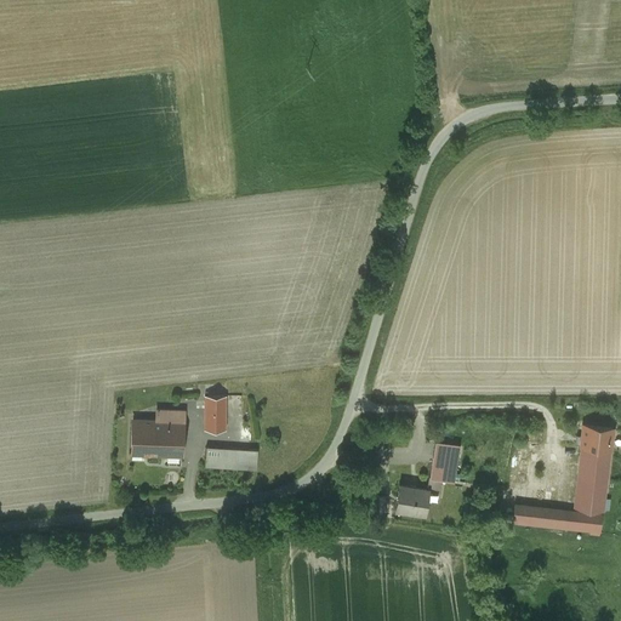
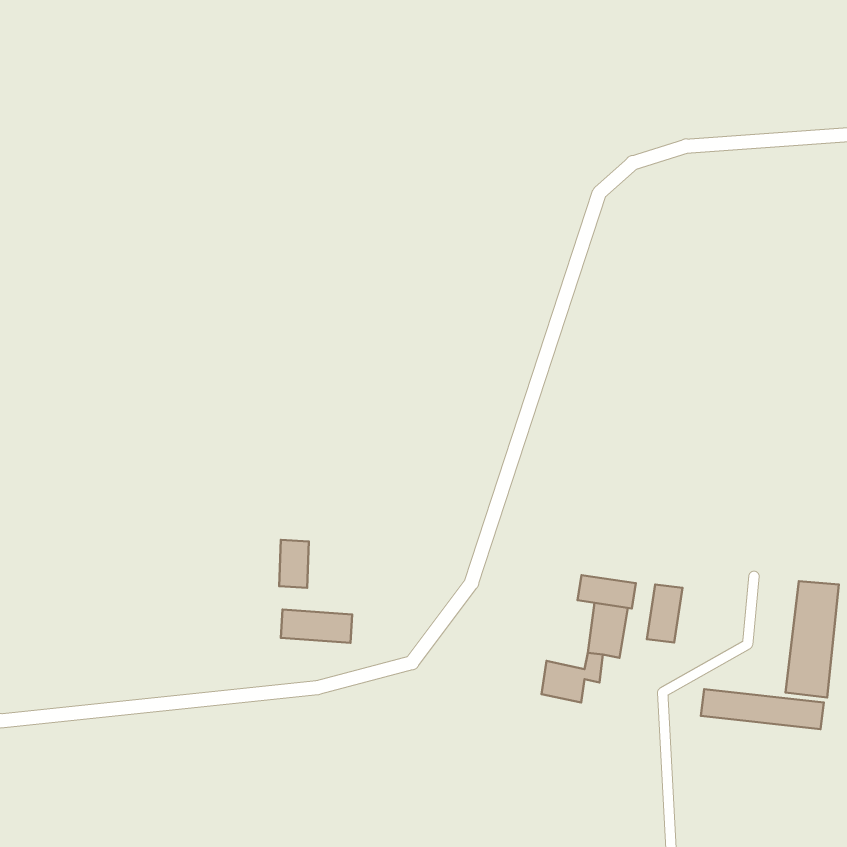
building: [136,410,184,455] -> none
building: none -> [578,575,636,608]
building: none -> [647,584,682,642]

